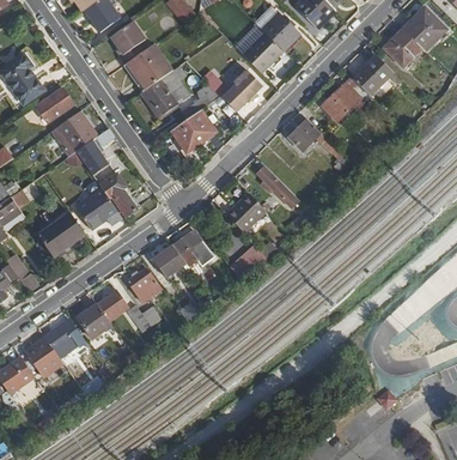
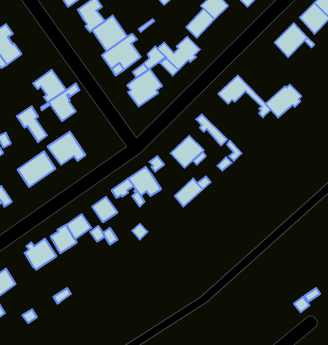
building: [322,79,366,120] -> [266,85,301,118]
building: [36,87,68,121] -> none
building: [98,171,135,216] -> [17,106,47,142]
building: [24,337,61,376] -> none

